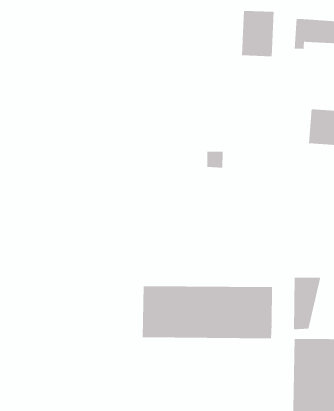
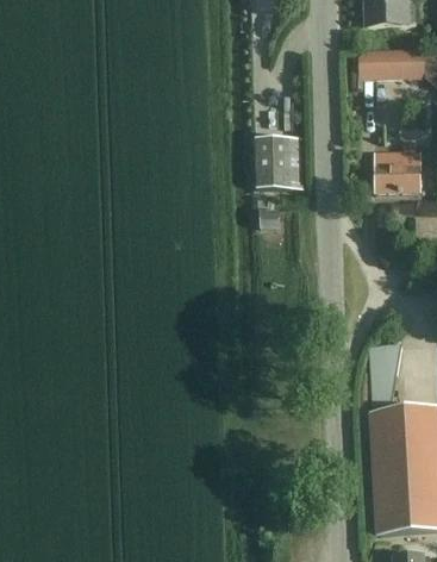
building: [241,10,275,57] -> [254,135,291,187]
building: [142,285,273,339] -> none

